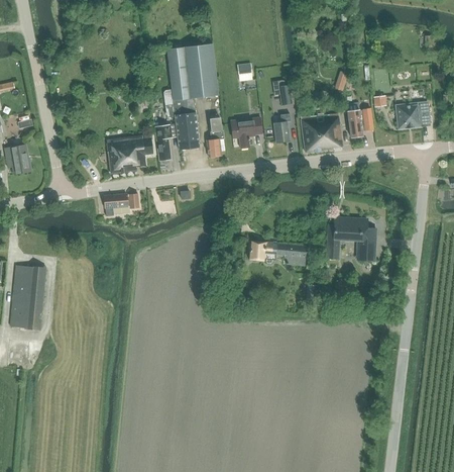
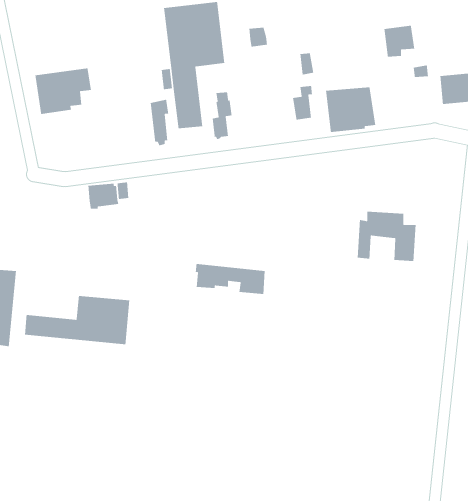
building: [347,109,373,136] -> [383,25,415,58]
building: [230,117,262,149] -> none
building: [106,134,153,174] -> [35,67,92,115]
building: [247,240,306,266] -> [195,263,265,295]
building: none -> [24,295,130,345]

